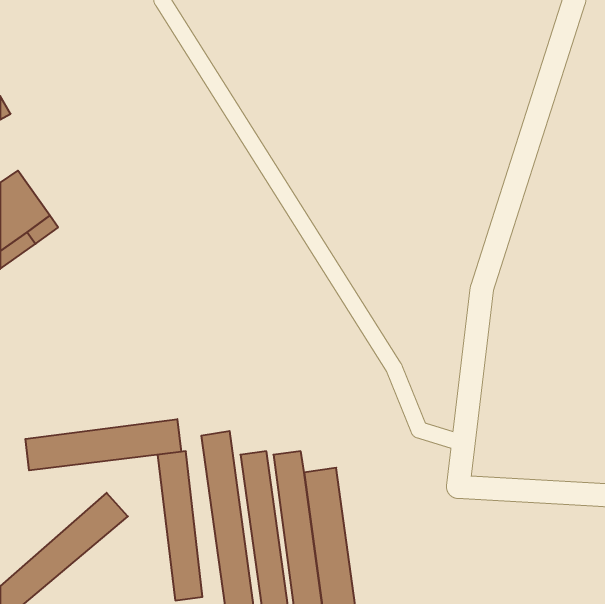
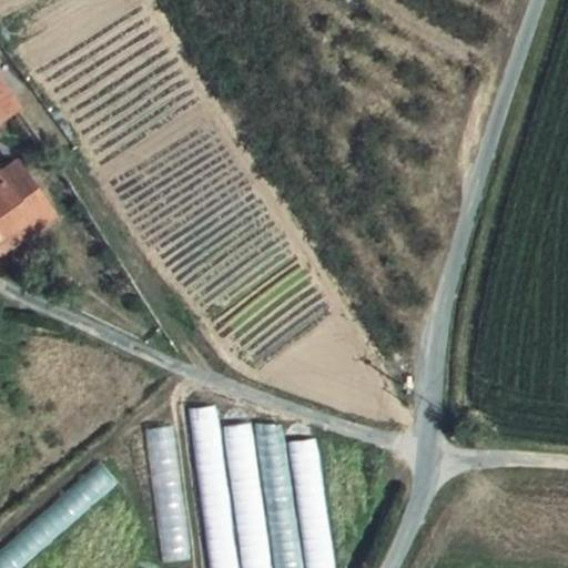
building: [25,419,181,470] -> none

